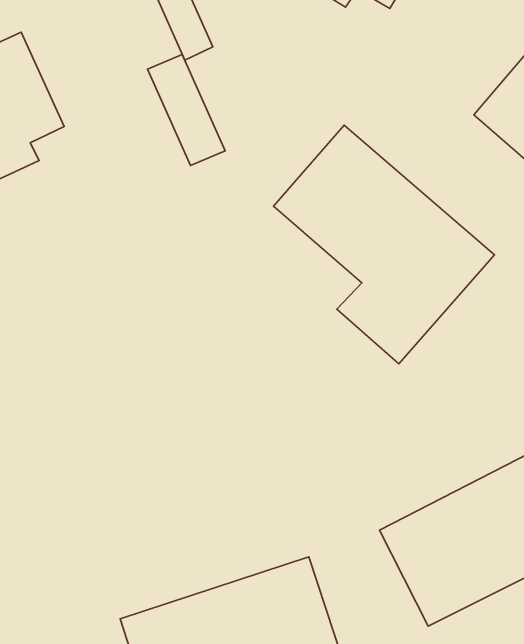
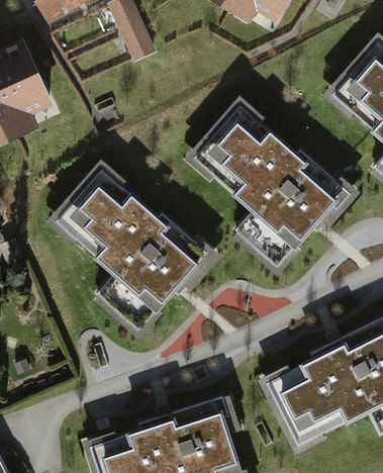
building: [147,55,225,165] -> none
building: none -> [57,165,208,329]

